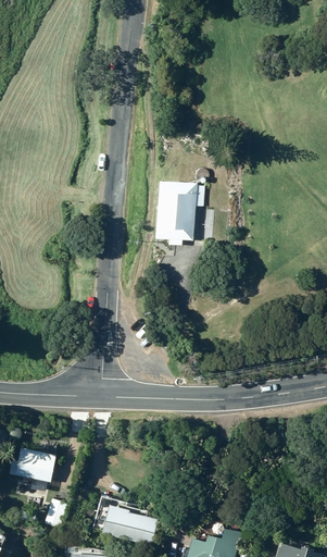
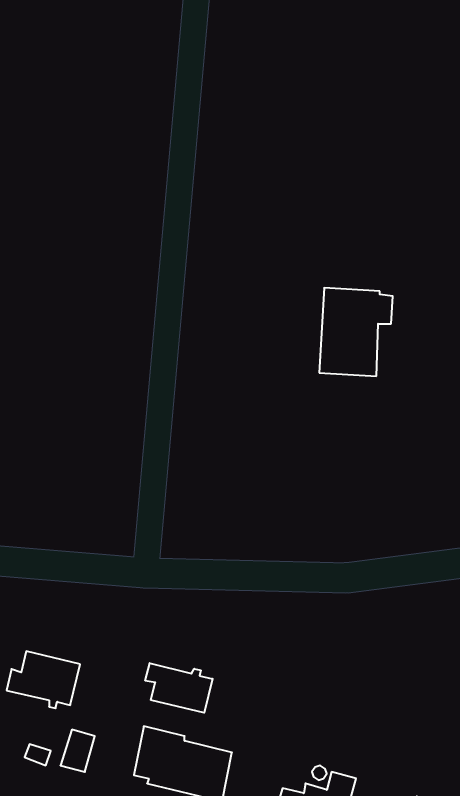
building: [155,182,204,240] -> [319,288,393,376]
building: none -> [145,663,213,713]

